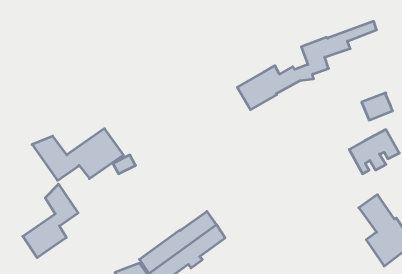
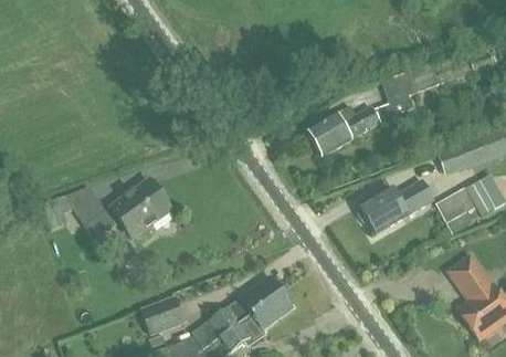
building: none -> [358,179,434,233]
building: [23,184,78,258] -> none
building: none -> [141,295,187,335]

